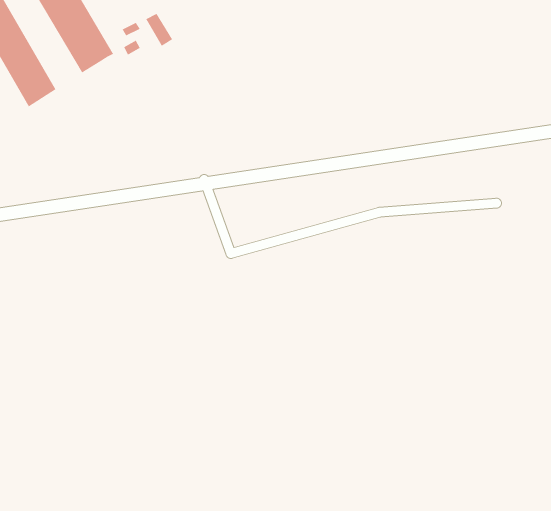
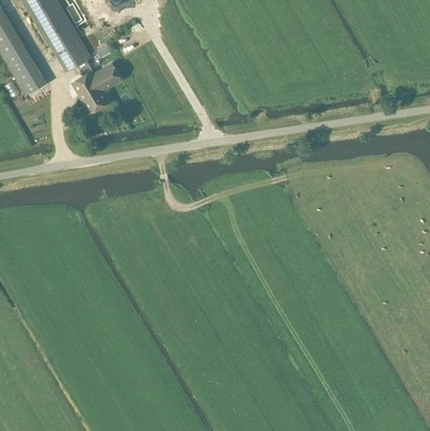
building: none -> [73,58,121,111]

